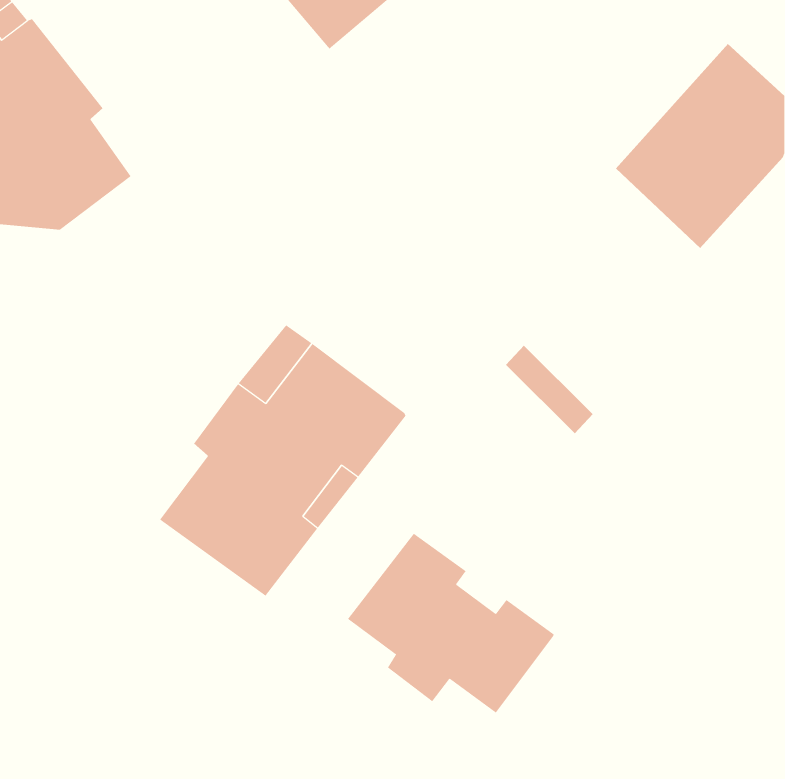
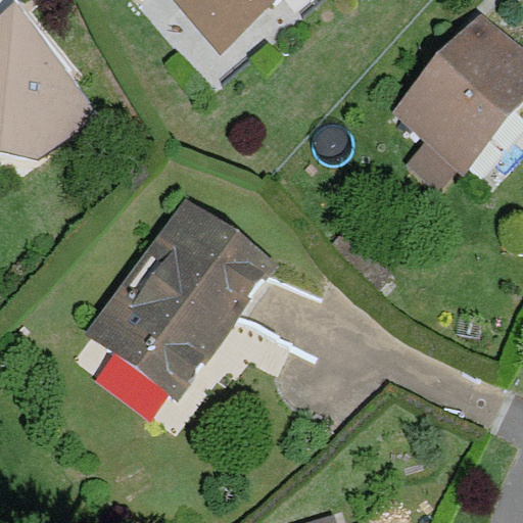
building: [347,533,554,713] -> none

